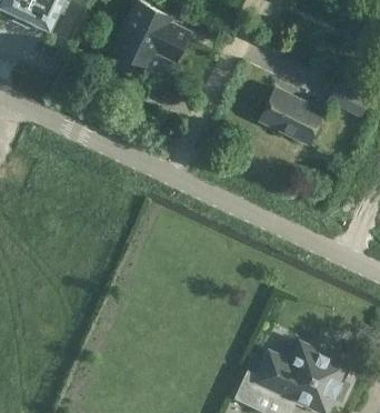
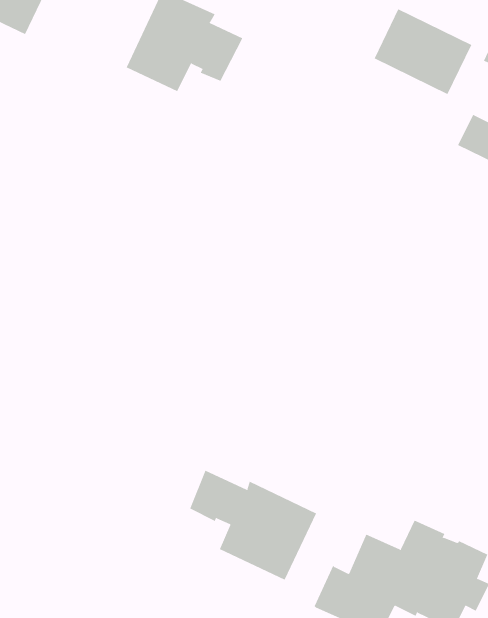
building: [260,88,323,143] -> [374,9,472,95]
building: none -> [190,470,317,580]

